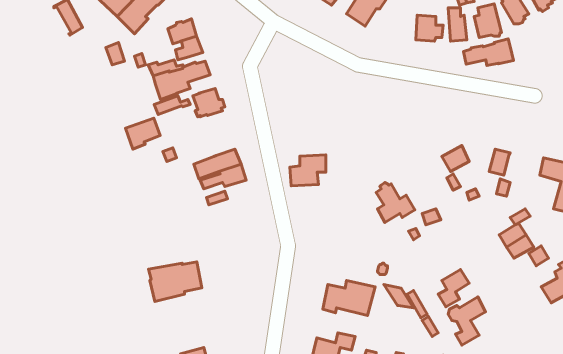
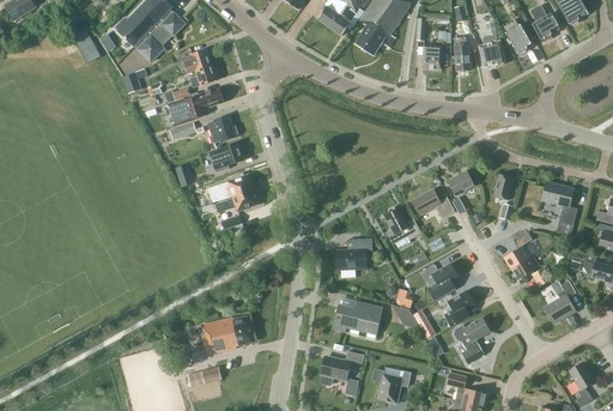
building: [464,39,513,66] -> none
building: [125,118,160,149] -> [210,143,243,173]
building: [290,155,326,186] -> [338,238,372,268]
building: none -> [412,189,455,218]
building: none -> [427,262,459,300]
building: [149,262,202,302] -> [201,316,253,355]

